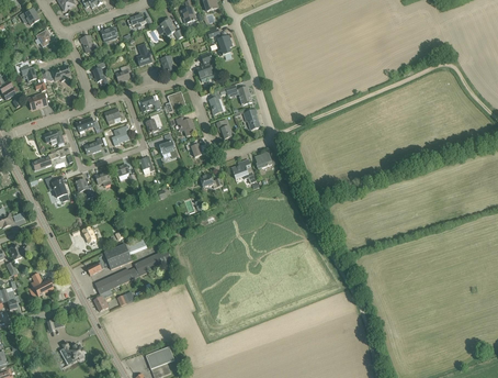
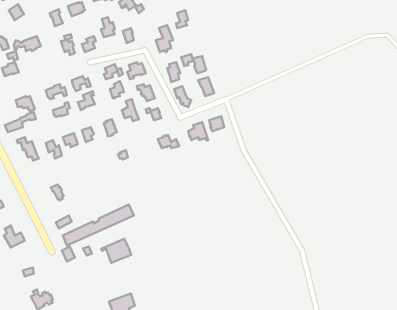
building: [99,243,132,269] -> [101,239,131,263]

